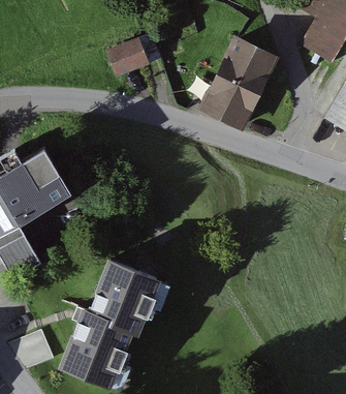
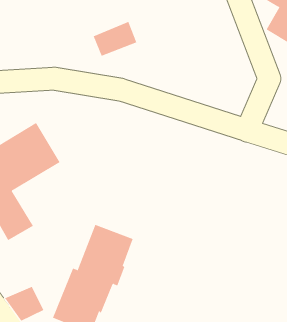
building: [203,39,275,127] -> none

